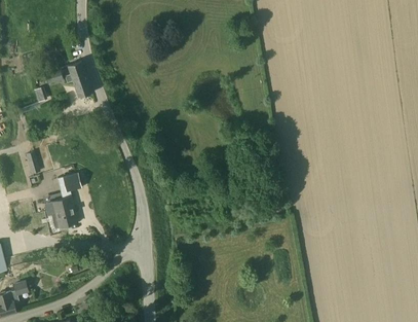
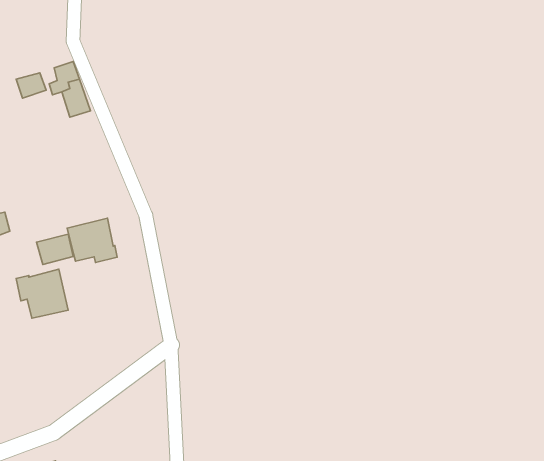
building: none -> [67,218,117,263]

